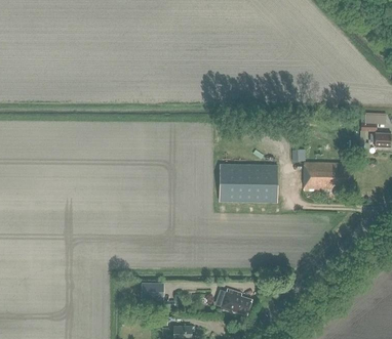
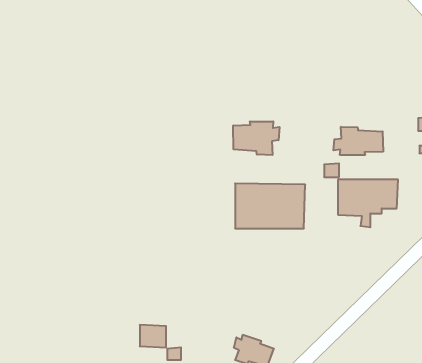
building: none -> [233,121,279,155]
building: none -> [333,127,383,155]

